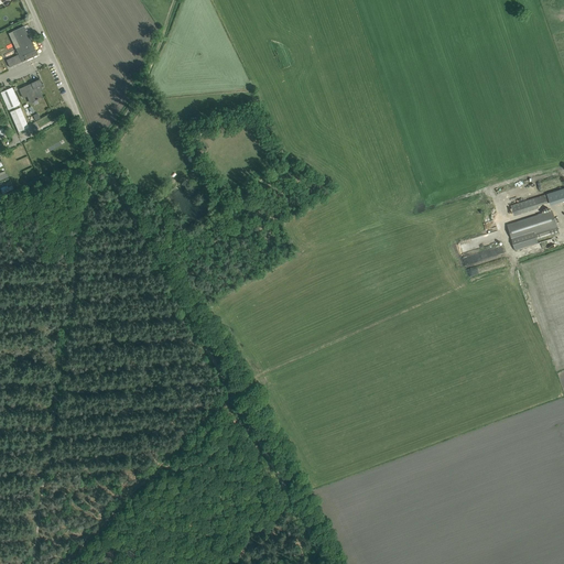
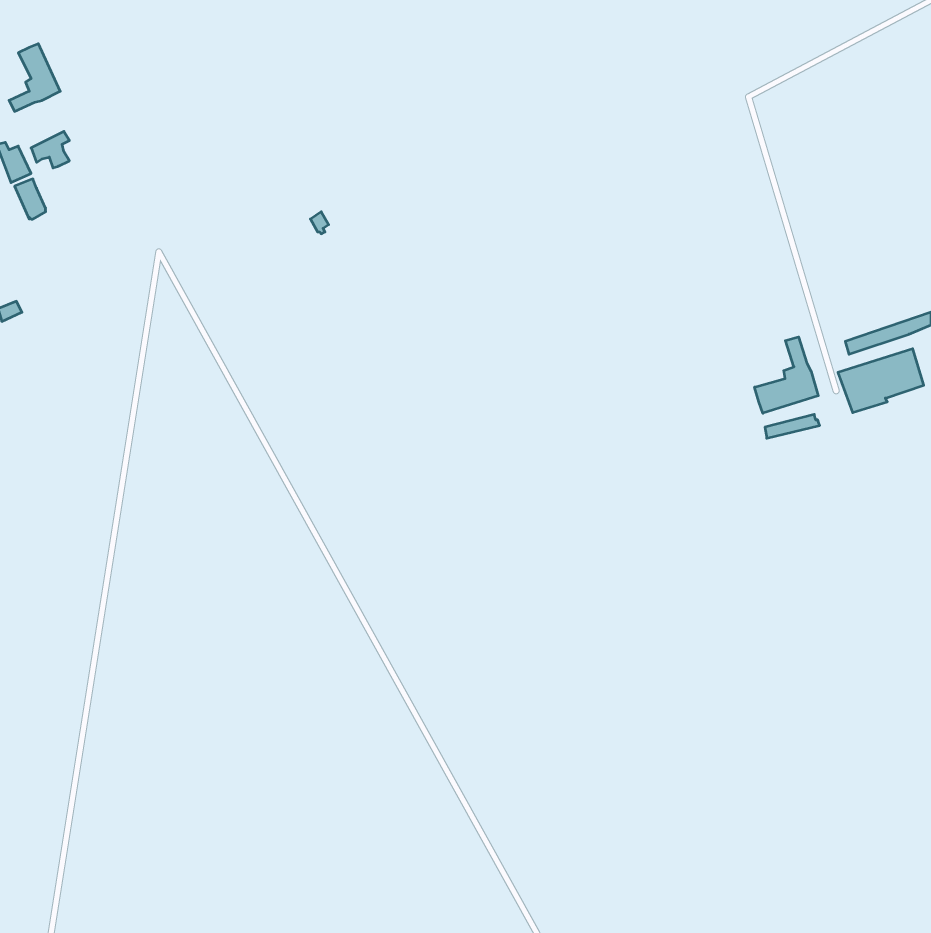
building: none -> [755,337,818,413]

